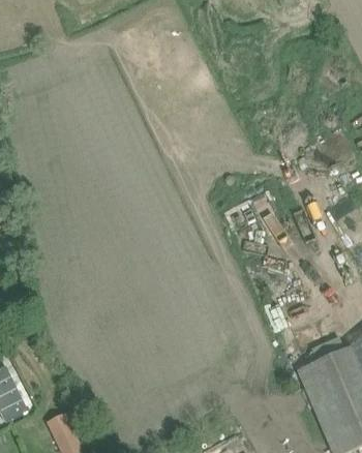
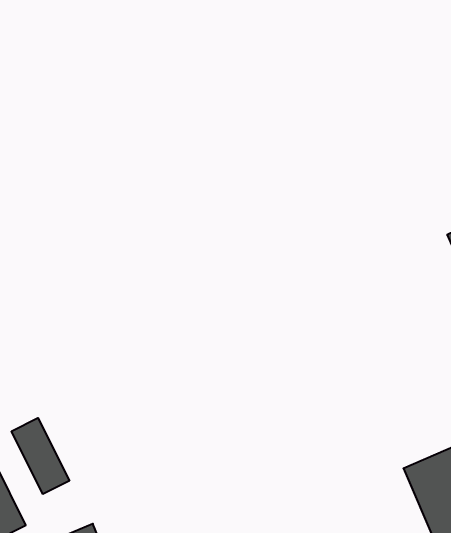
building: none -> [12,418,69,494]

